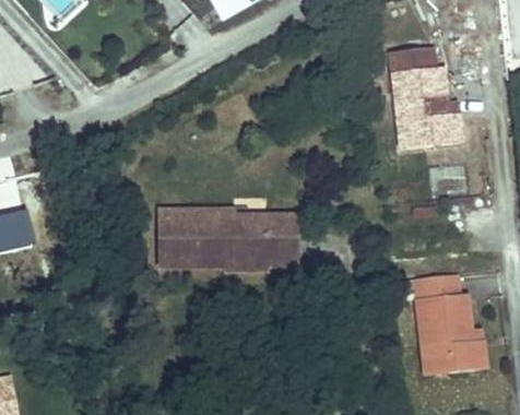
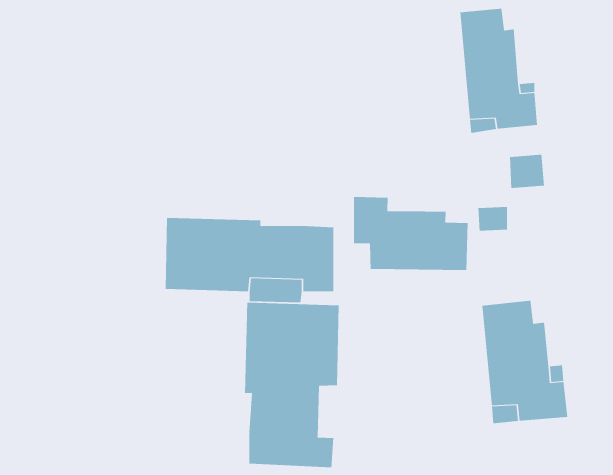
building: none -> [354,196,468,271]
building: none -> [244,302,339,468]

